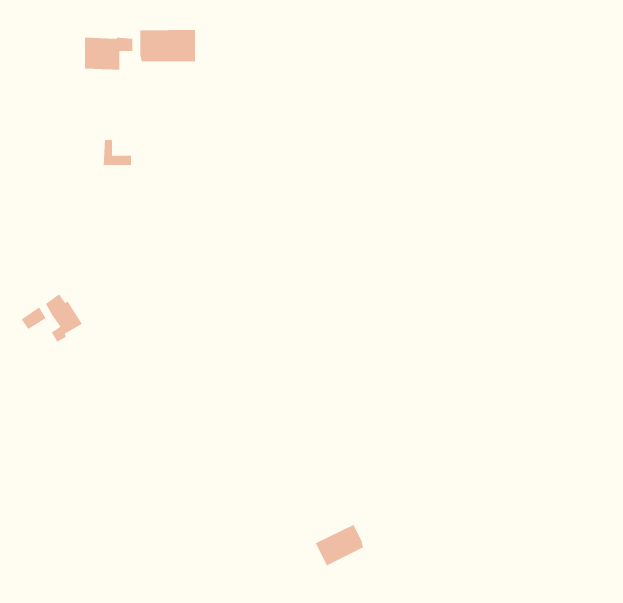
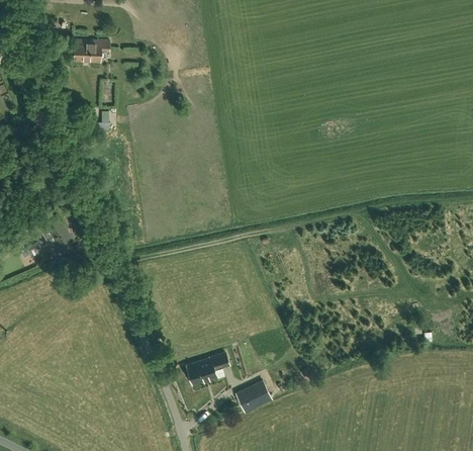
building: [140,29,196,62] -> none
building: none -> [187,353,228,384]

